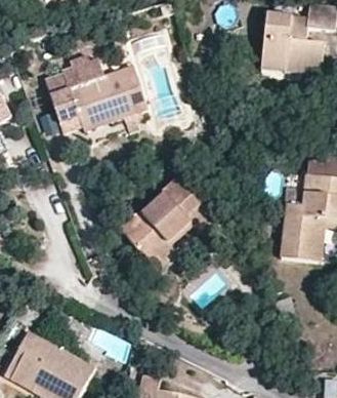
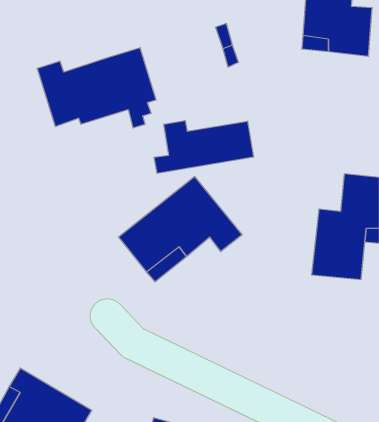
building: [43,50,102,83] -> none
building: none -> [154,120,253,173]

